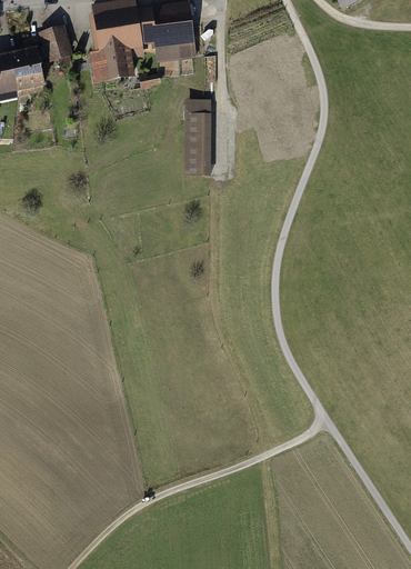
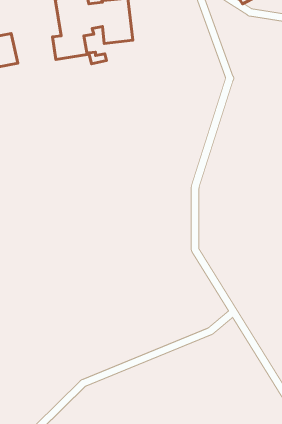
building: [38,23,73,64] -> none
building: [183,99,211,176] -> none

